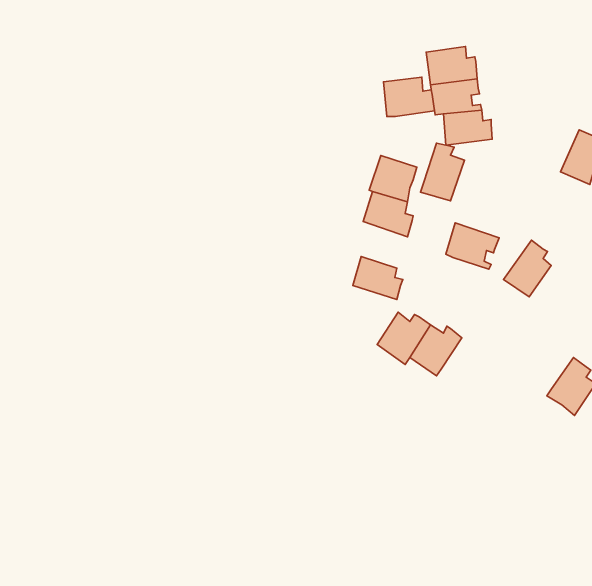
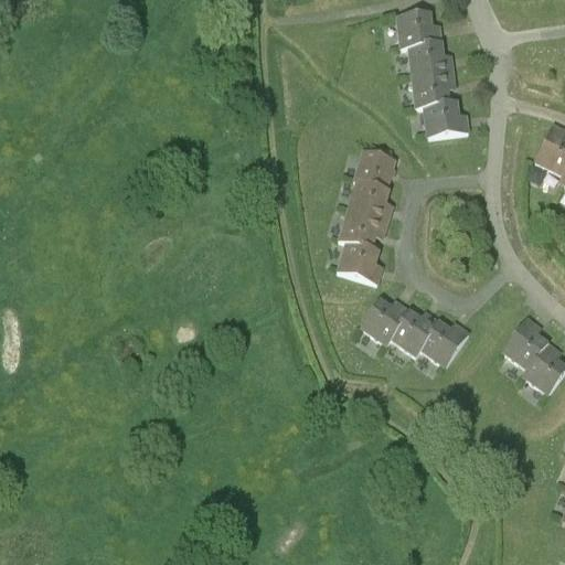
building: [383,77,434,117] -> [395,12,444,50]
building: [421,143,464,201] -> none
building: [446,223,499,269] -> [338,211,388,255]
building: [504,240,551,297] -> [501,316,546,370]
building: none -> [420,320,470,367]

